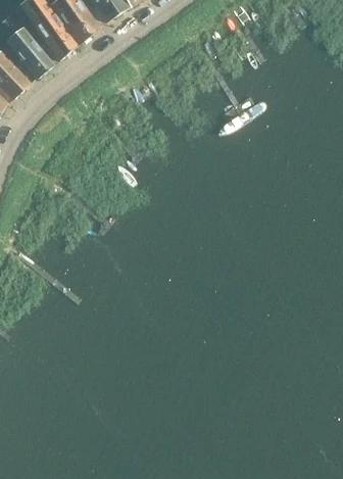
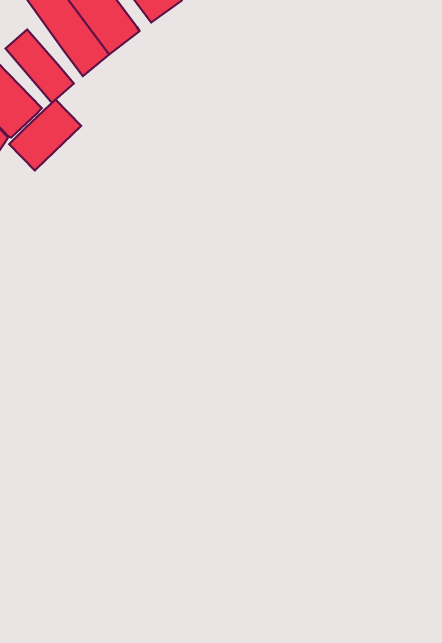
building: none -> [9,99,81,170]

